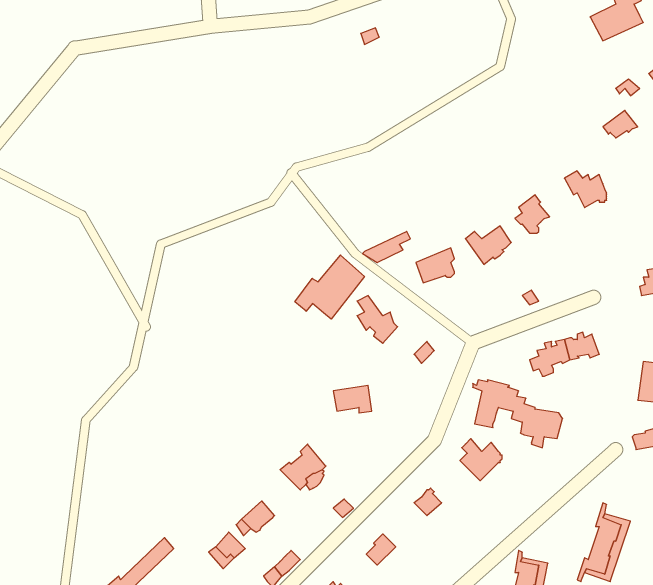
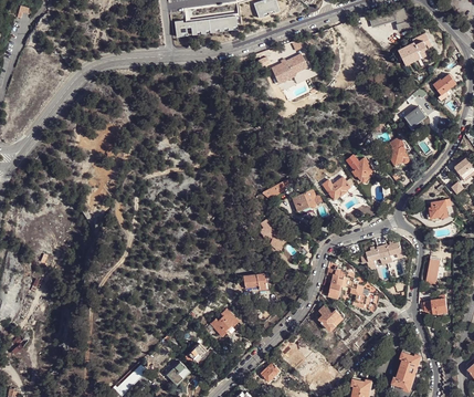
building: none -> [272,53,306,83]
building: [295,255,364,319] -> none

